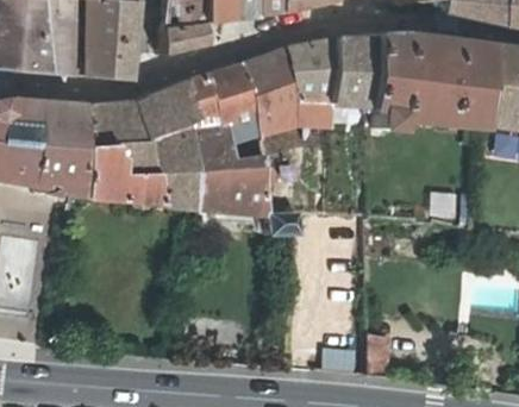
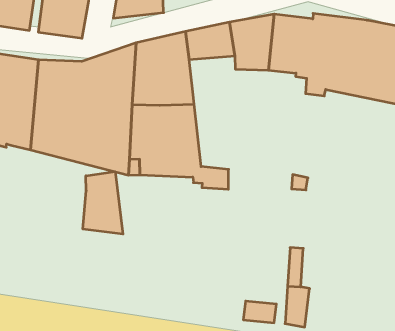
building: [249,84,334,126] -> none
building: none -> [83,172,123,234]

